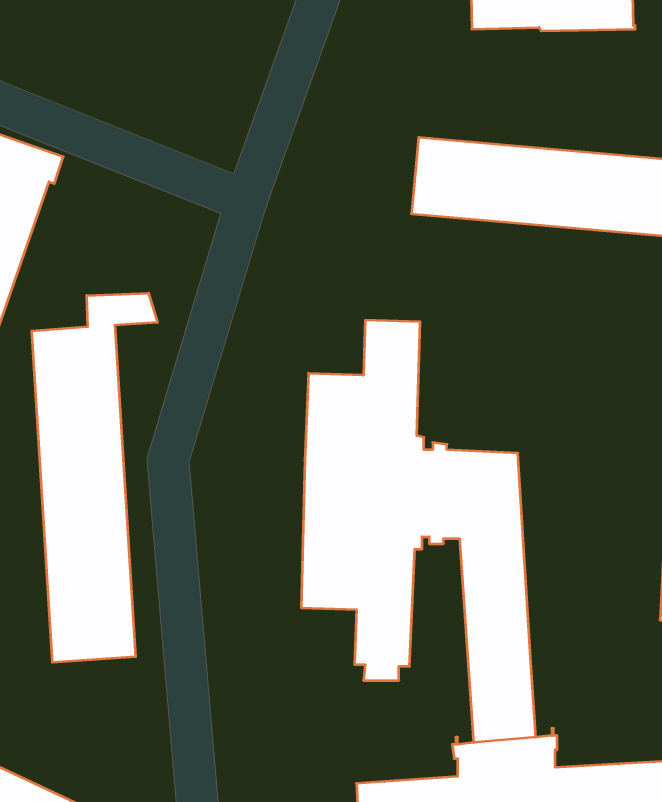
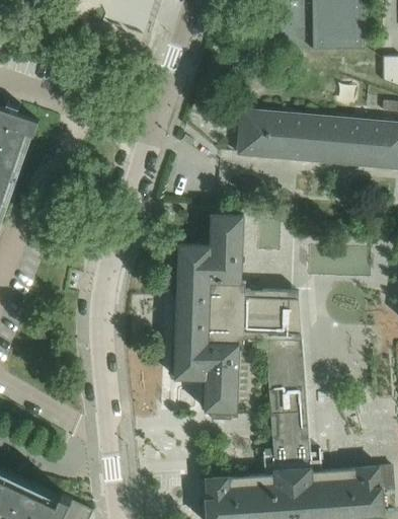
building: [32,293,157,662] -> none

